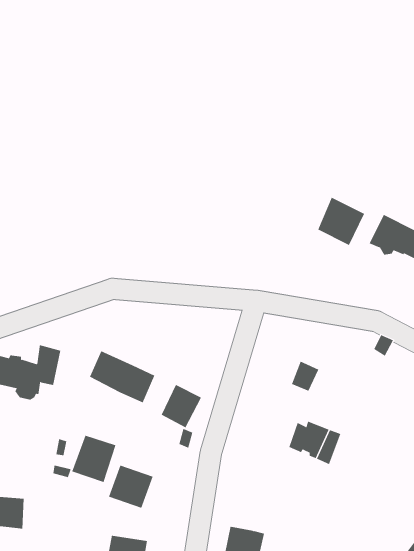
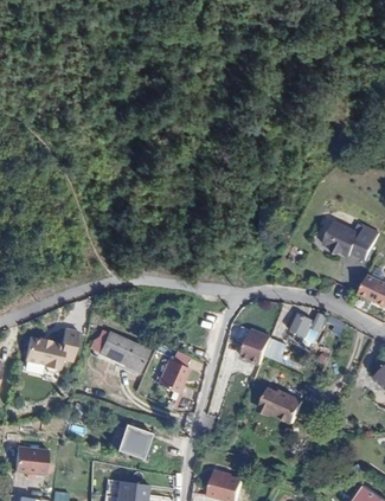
building: [318,197,365,246] -> none
building: none -> [287,311,323,341]
building: none -> [238,330,268,366]
building: [72,435,116,483] -> none

